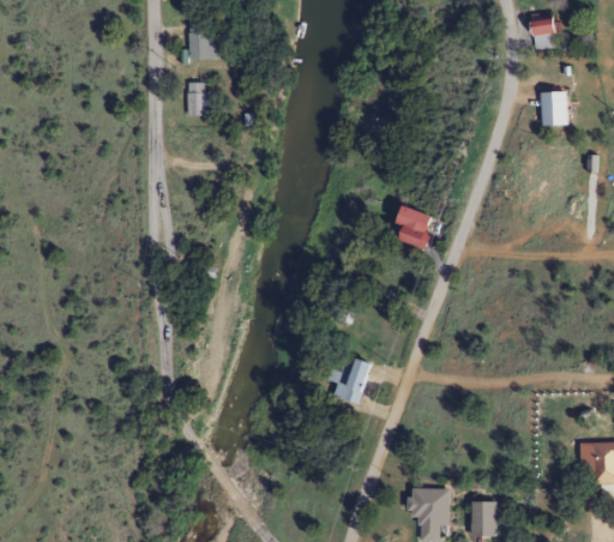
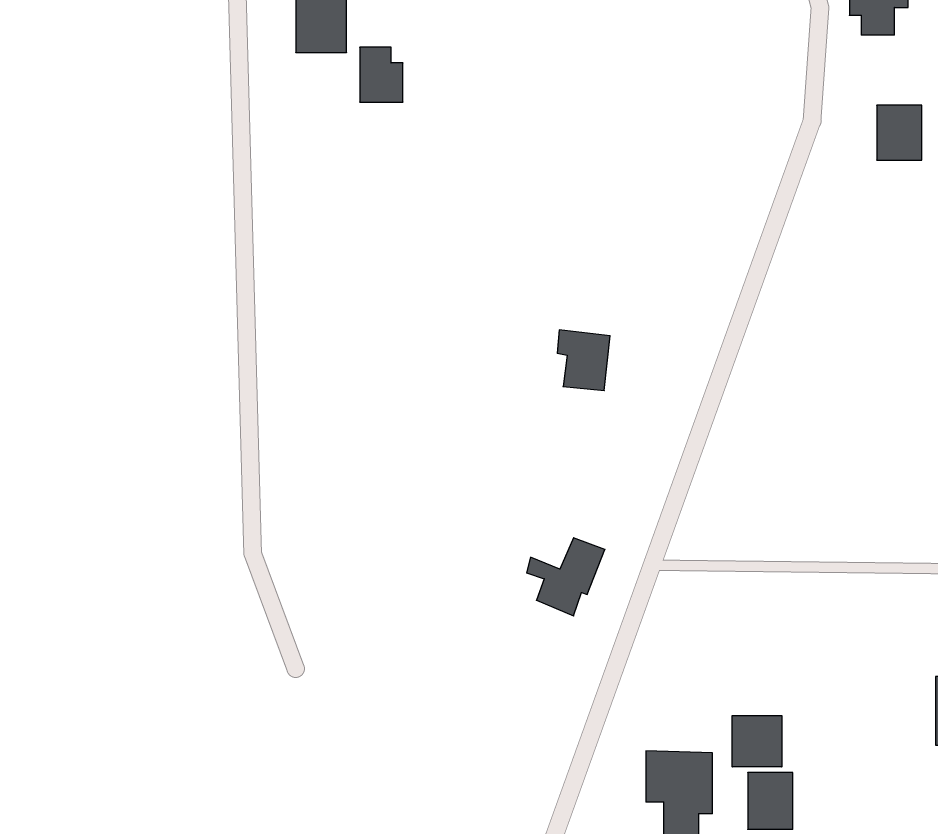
building: [187,82,213,115] -> [360,47,403,102]
building: [399,209,432,246] -> [557,330,610,391]
building: none -> [732,716,782,767]

